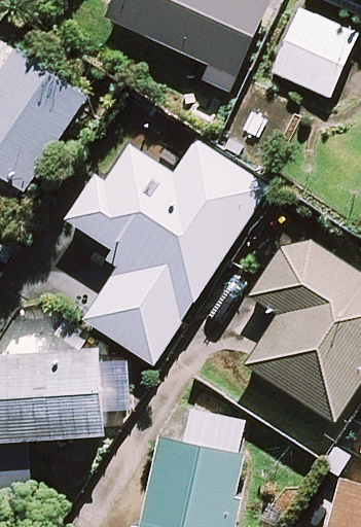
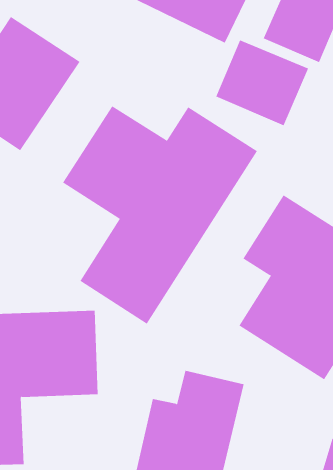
building: none -> [216,39,309,126]

